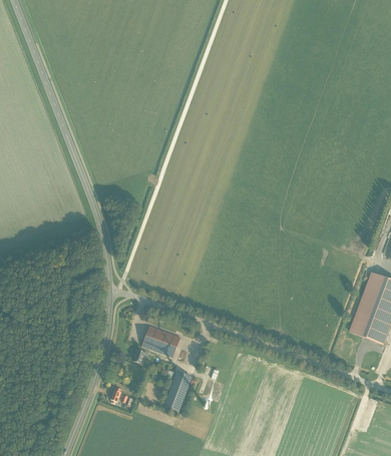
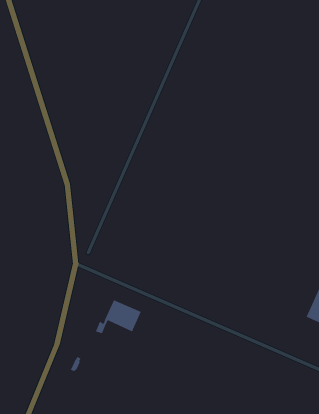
building: [164,370,192,411] -> none

